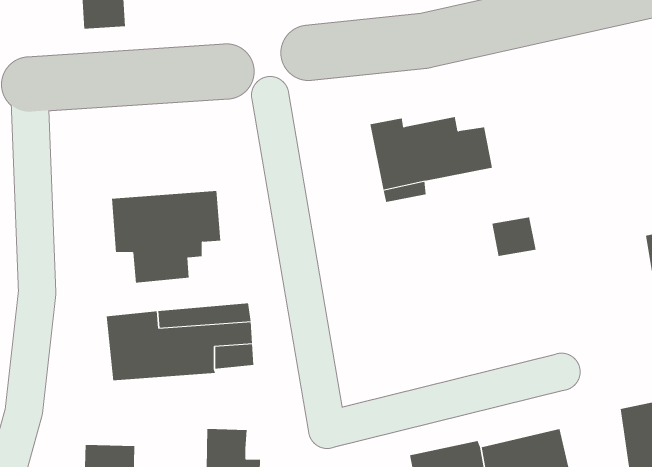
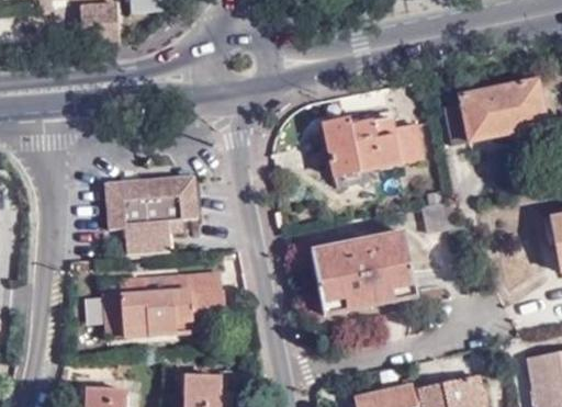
building: none -> [442,78,548,145]
building: none -> [313,230,415,313]

